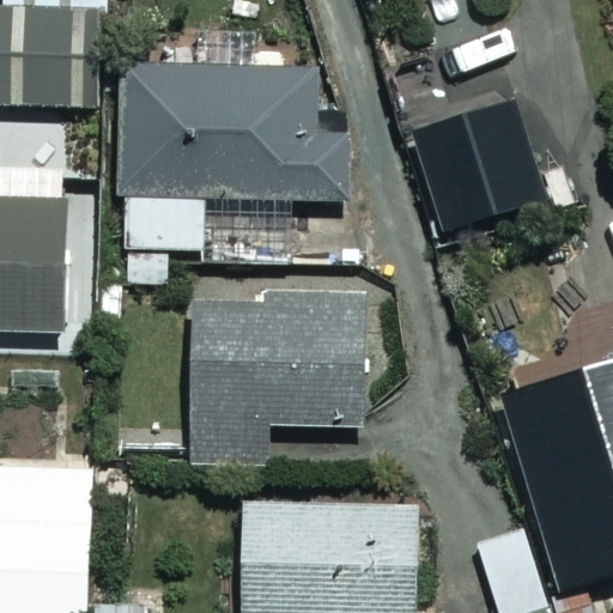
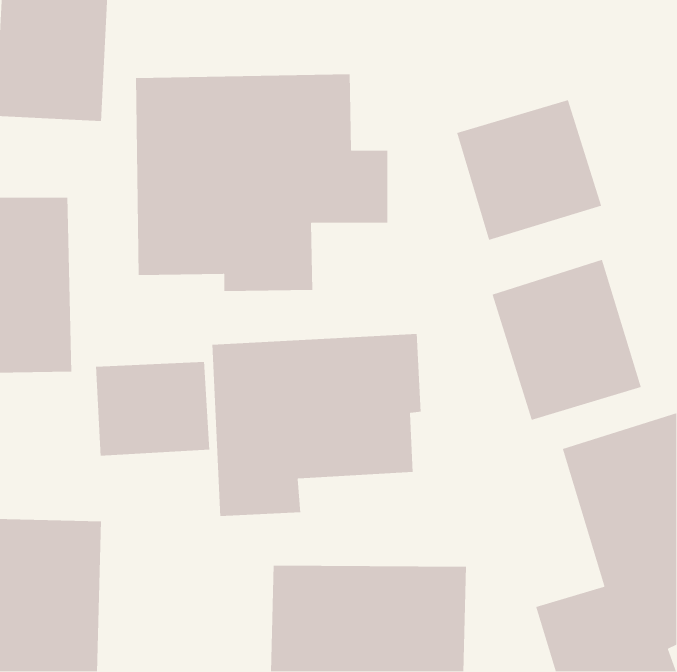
building: none -> [491,259,642,421]
building: none -> [95,361,210,456]

